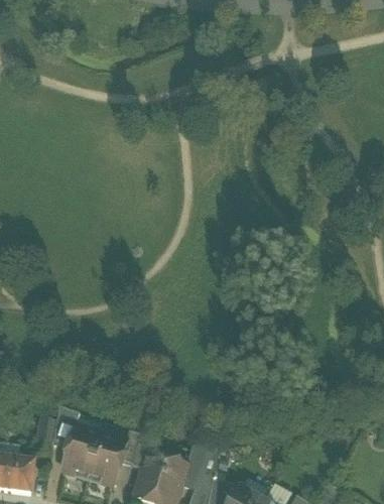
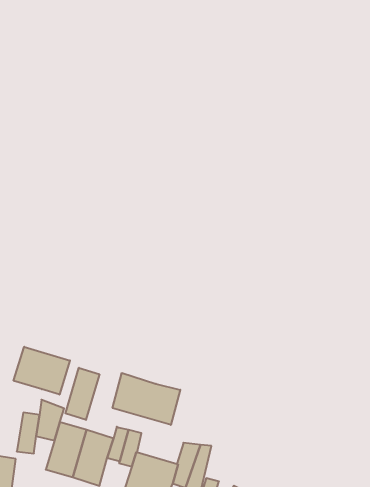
building: none -> [14,347,70,395]
building: none -> [65,368,99,420]
building: none -> [113,373,180,425]

